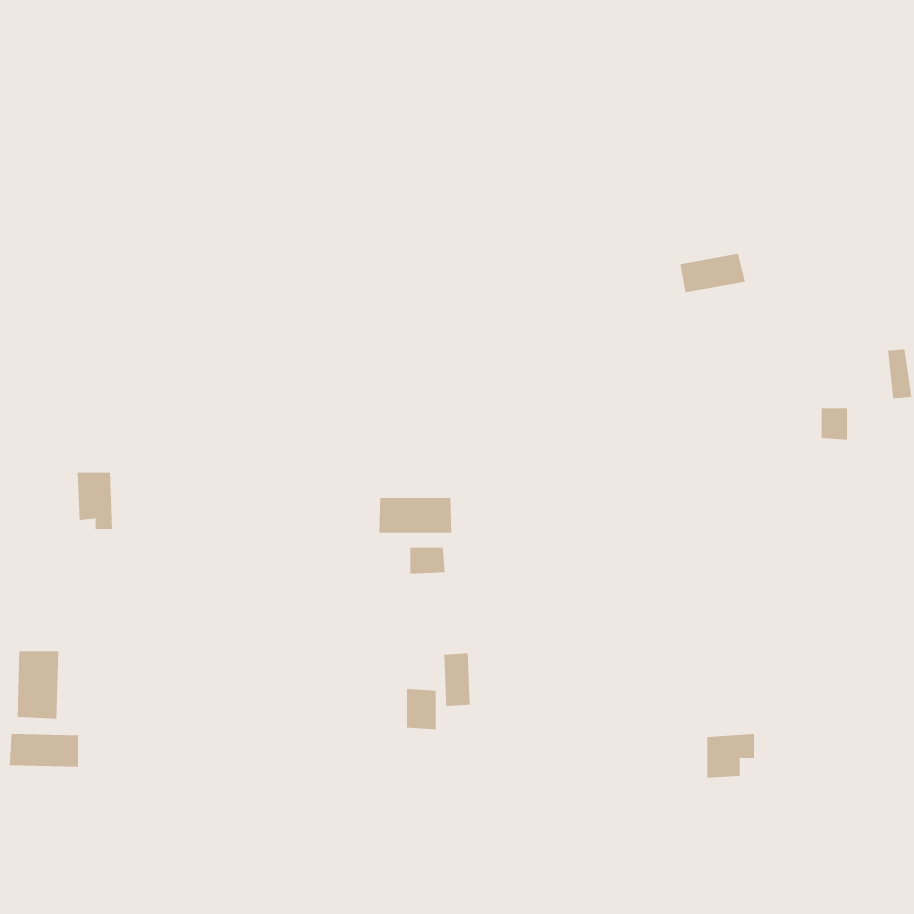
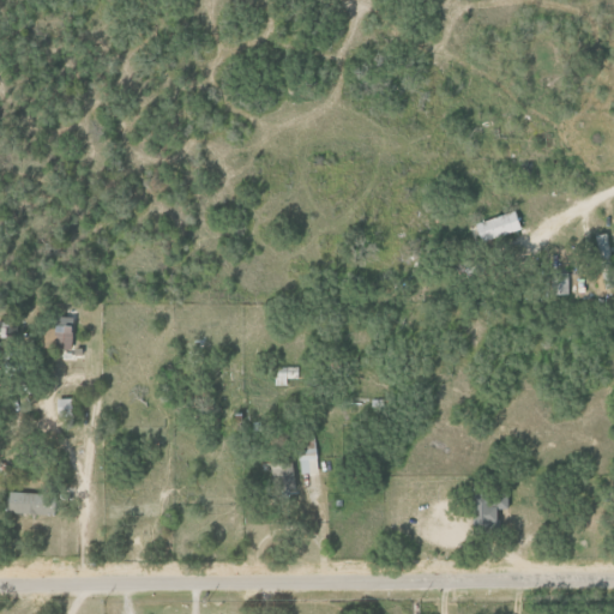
building: [680,253,746,293] -> [475,213,519,240]
building: [379,497,452,534] -> none
building: [17,650,59,719] -> none

